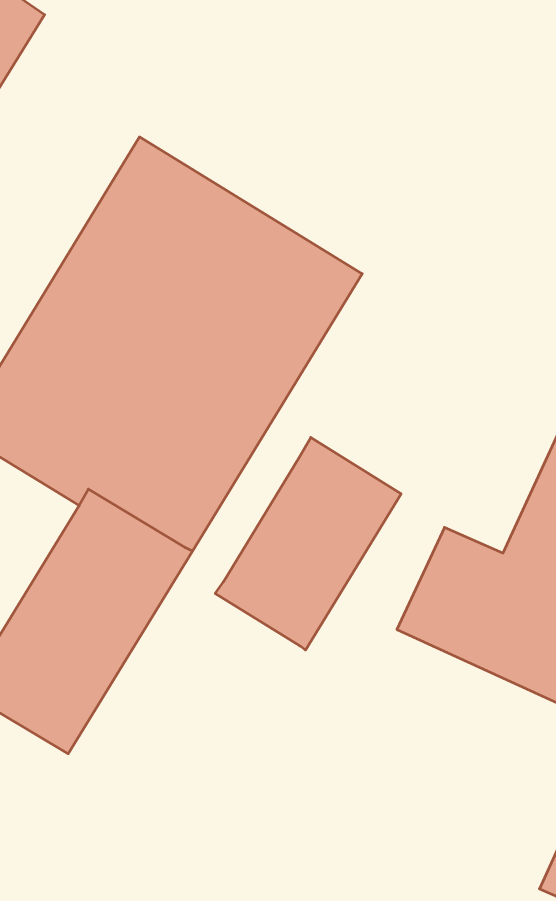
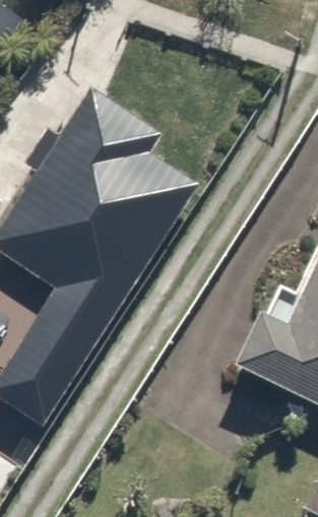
building: [215,437,401,650] -> none

